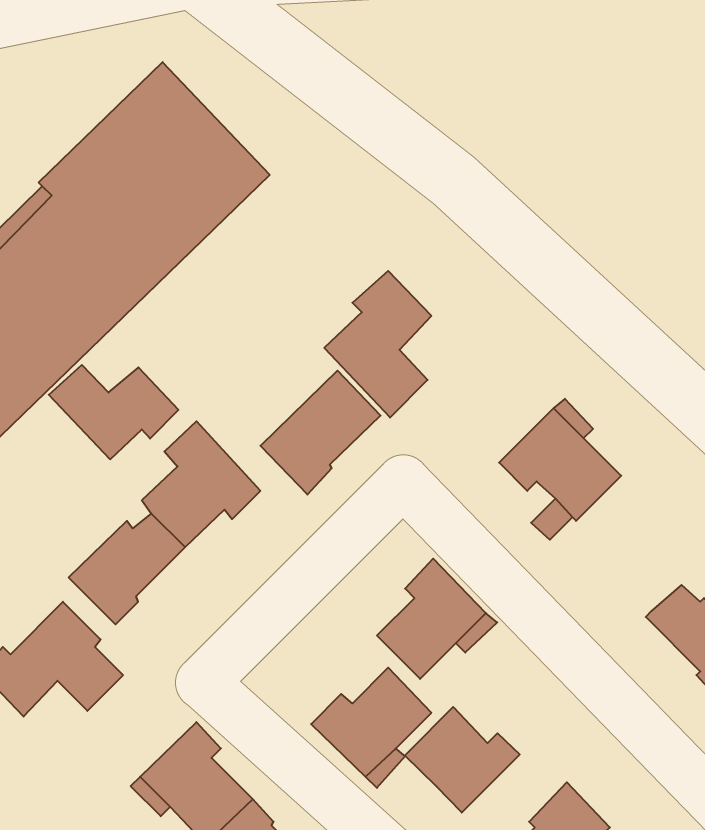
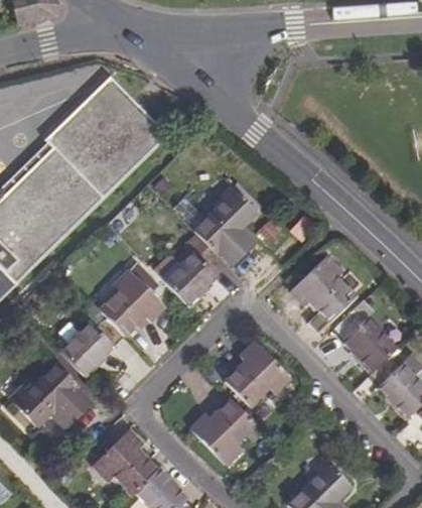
building: [49,365,178,459] -> none
building: none -> [334,307,396,369]
building: [405,707,520,813] -> none

